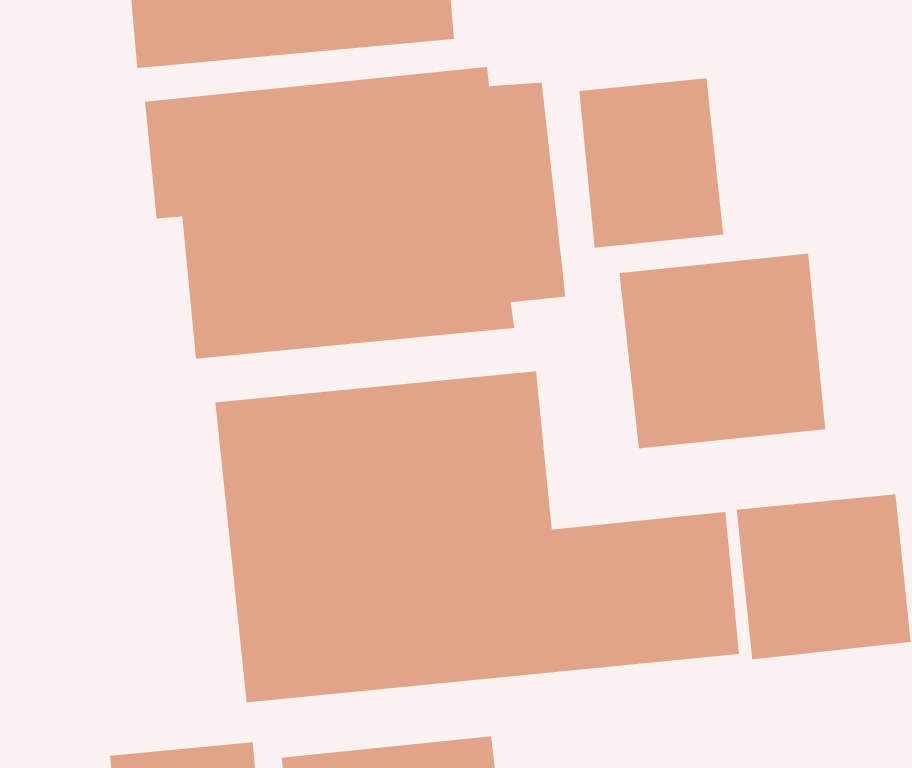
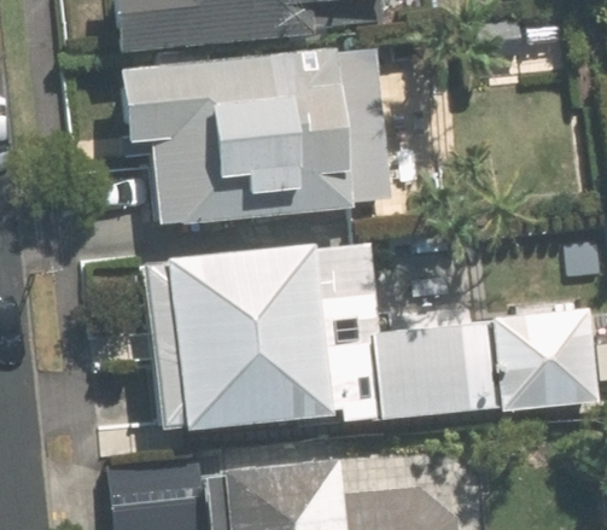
building: [579,78,724,249] -> none
building: [619,253,826,449] -> none

